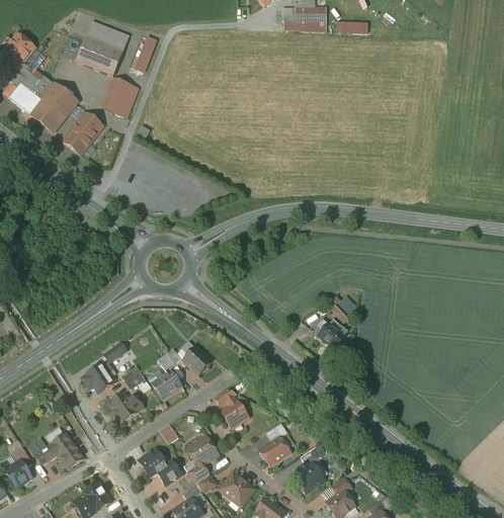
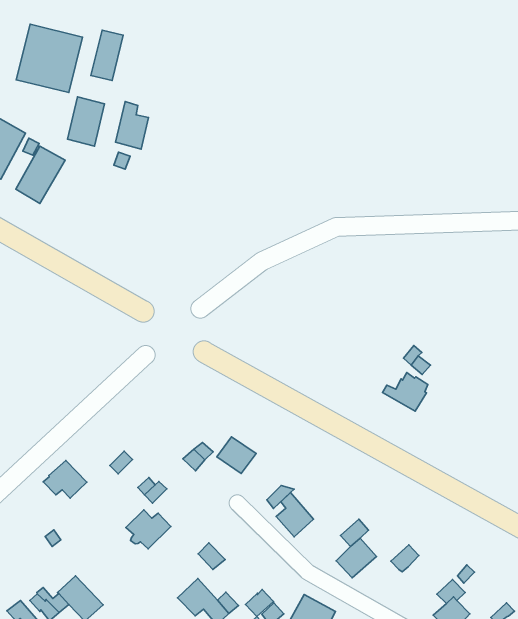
building: none -> [116,101,149,149]
building: [82,365,114,394] -> [43,461,87,498]
building: [152,370,181,400] -> none
building: [189,437,218,467] -> none
building: [297,463,323,494] -> none

